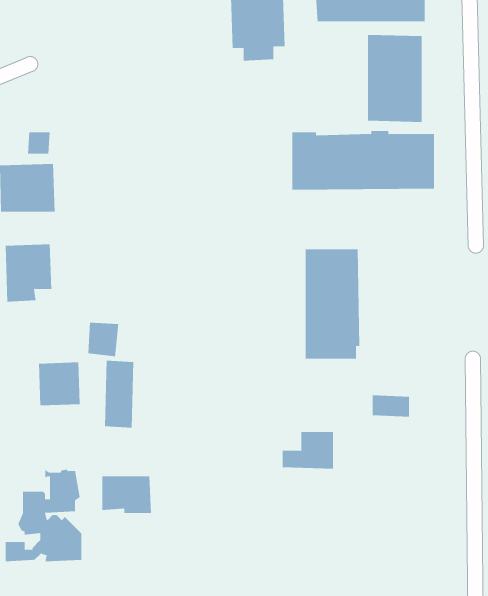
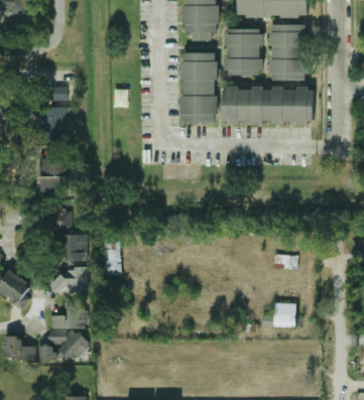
building: none -> [226,28,262,76]
building: [305,249,360,359] -> [181,52,217,123]
building: [88,322,119,357] -> [51,209,72,231]
building: [282,431,334,469] -> [262,303,295,327]
building: [101,476,152,514] -> [54,269,87,293]

